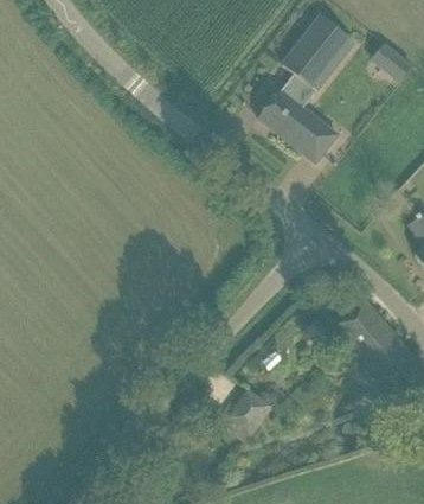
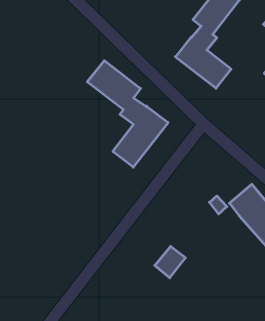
building: none -> [87,61,168,167]

